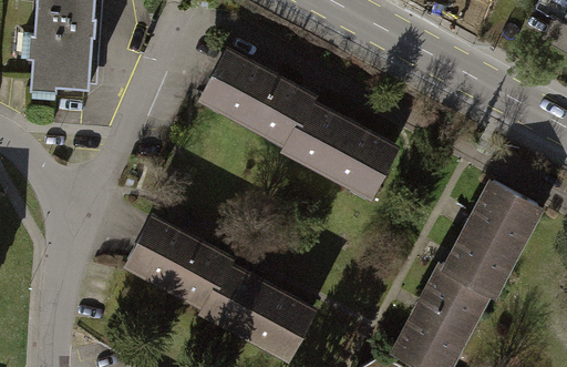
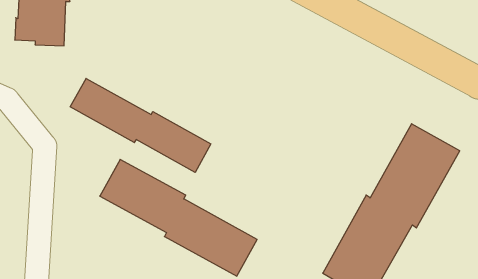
building: [206,52,394,193] -> none
building: none -> [70,78,211,172]

